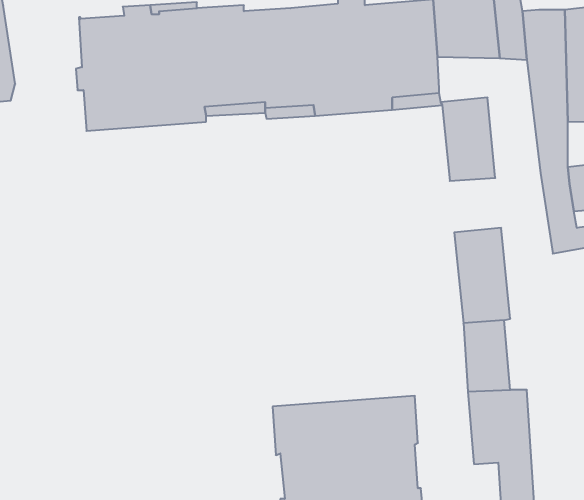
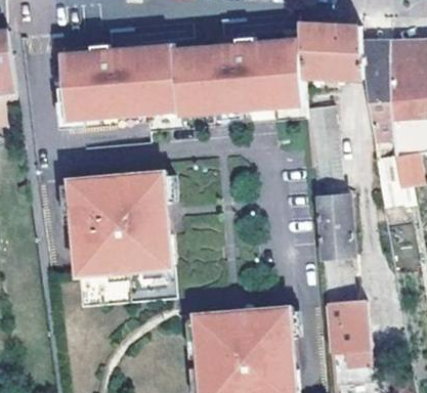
building: none -> [69,170,171,273]

